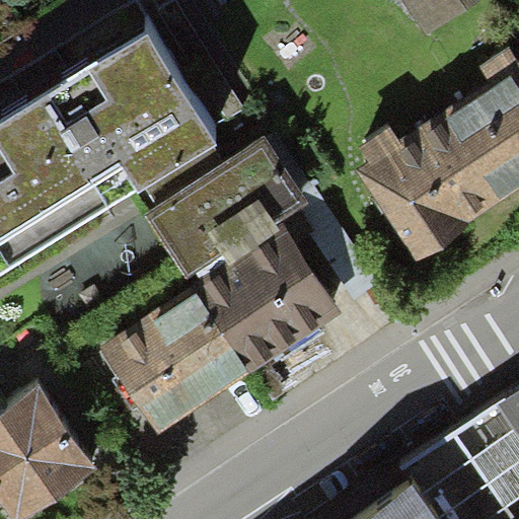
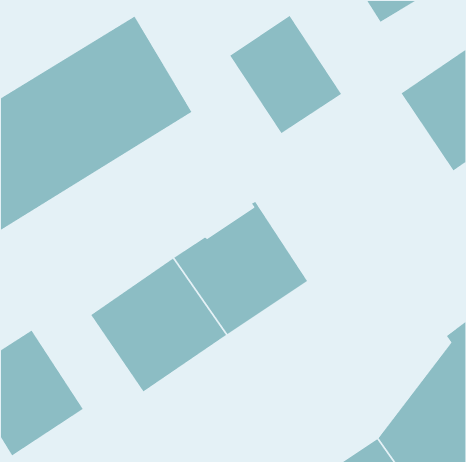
building: none -> [229,15,342,134]
building: [355,108,504,256] -> none
building: [147,142,311,284] -> none

